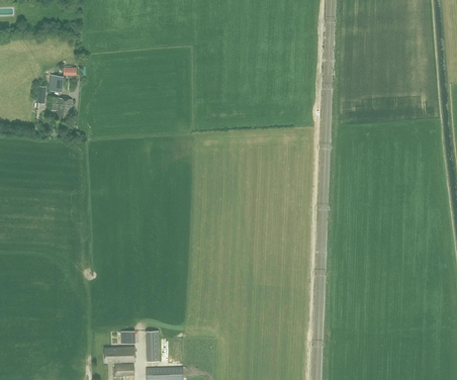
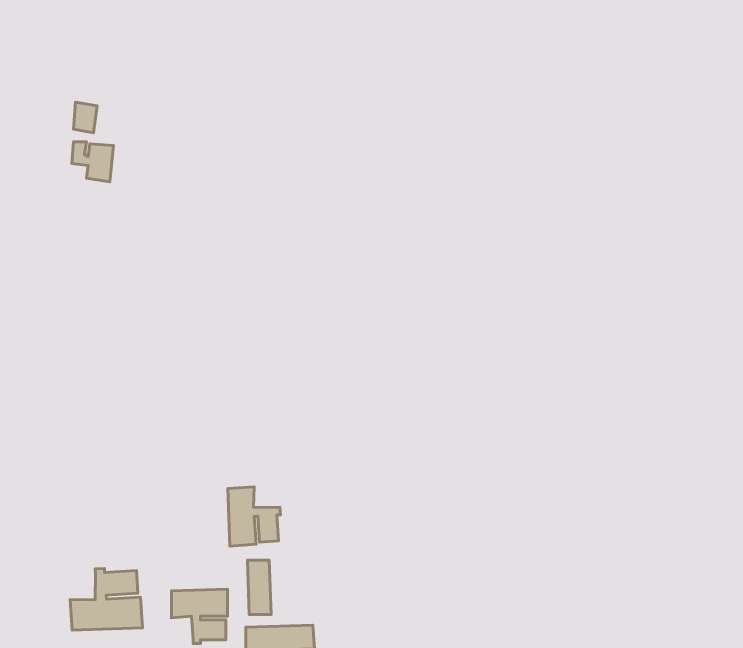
building: none -> [228,487,280,546]
building: none -> [70,568,143,630]

